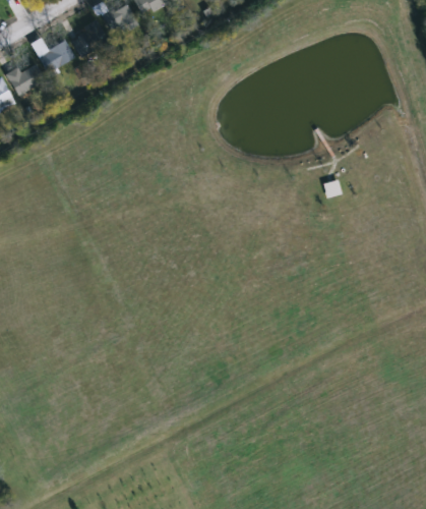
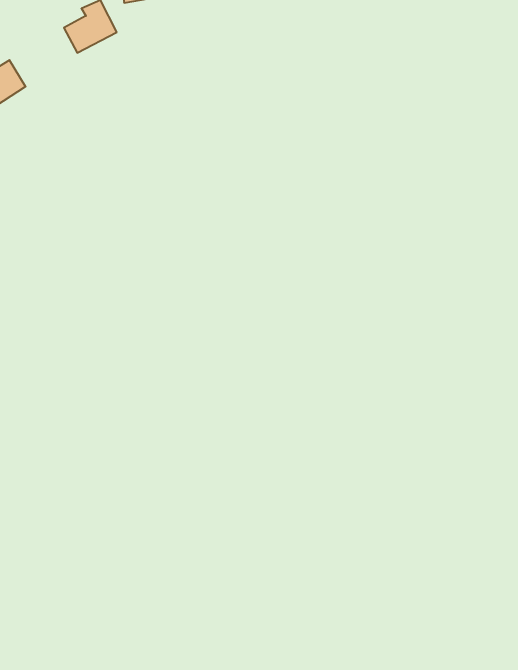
building: [38,41,74,73] -> none

